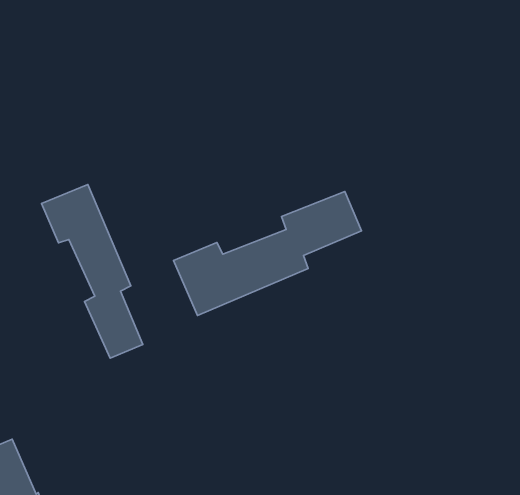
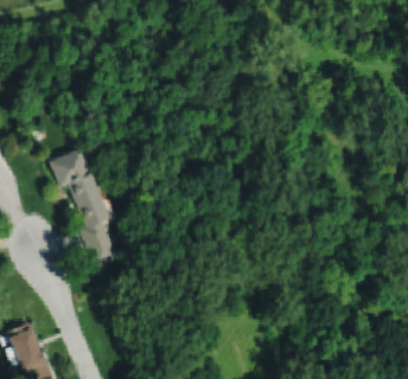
building: [173,192,361,315] -> none

